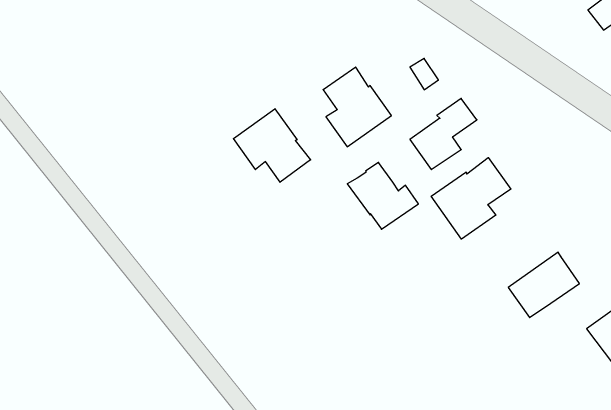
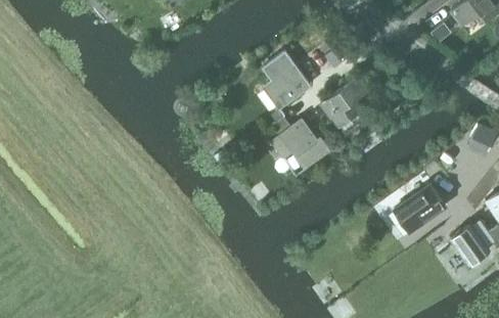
building: [233,109,311,182] -> none
building: [431,158,511,239] -> none

